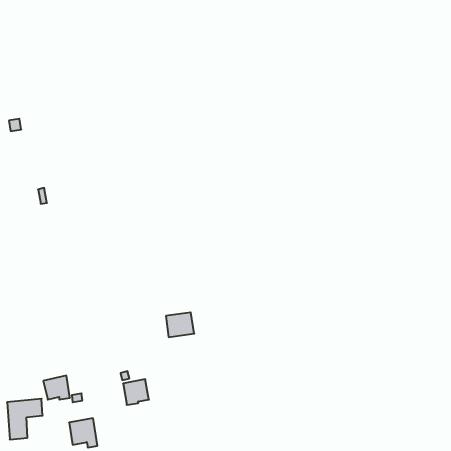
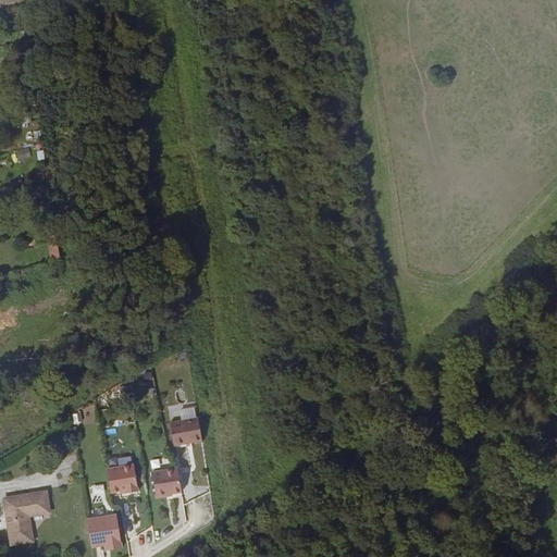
building: [166,312,194,337] -> [169,416,203,446]
building: [43,376,70,400] -> [104,462,137,492]

